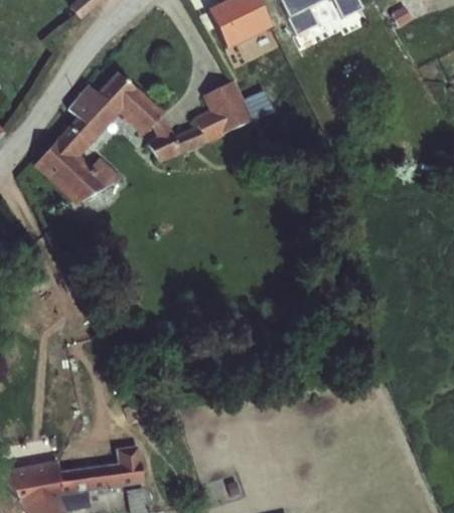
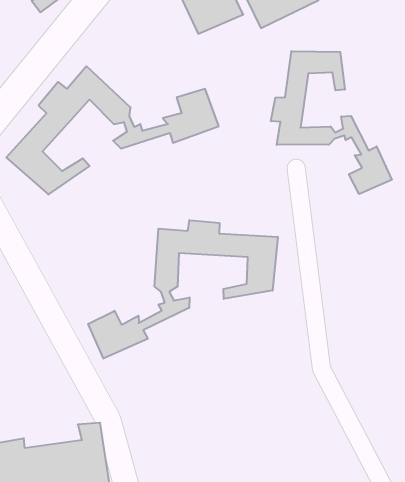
building: none -> [271,51,392,194]
building: none -> [88,220,278,359]

